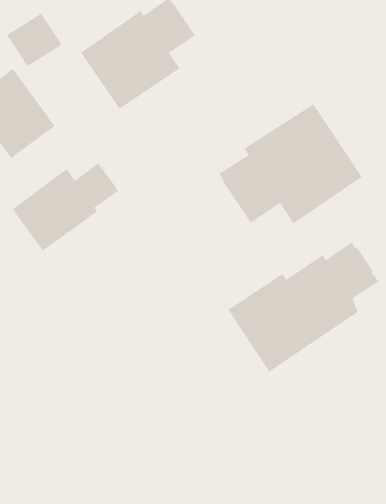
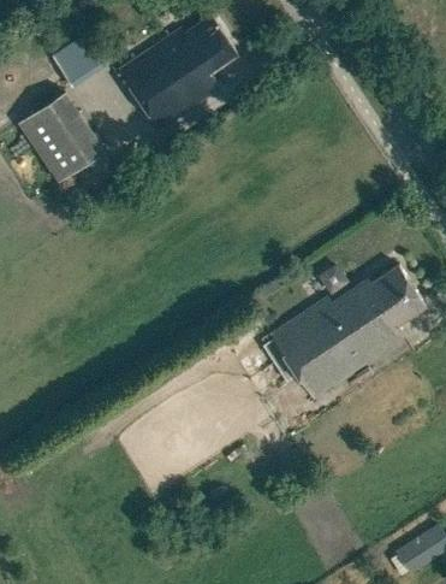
building: [219,103,362,224] -> none
building: [12,163,118,251] -> none

